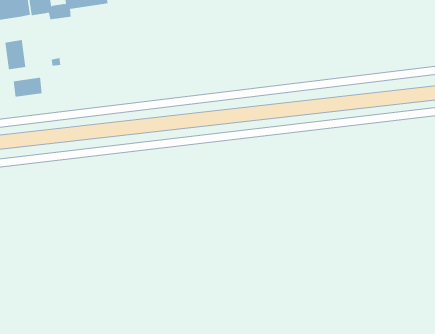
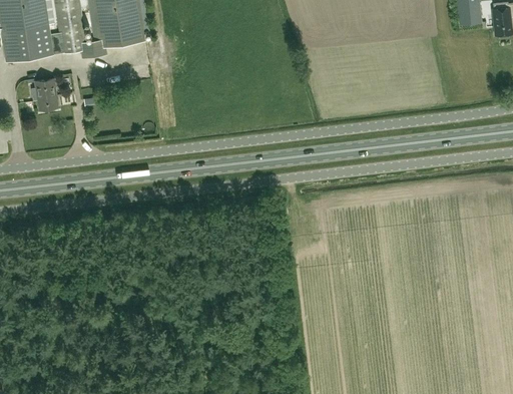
building: [13,77,42,97] -> none

